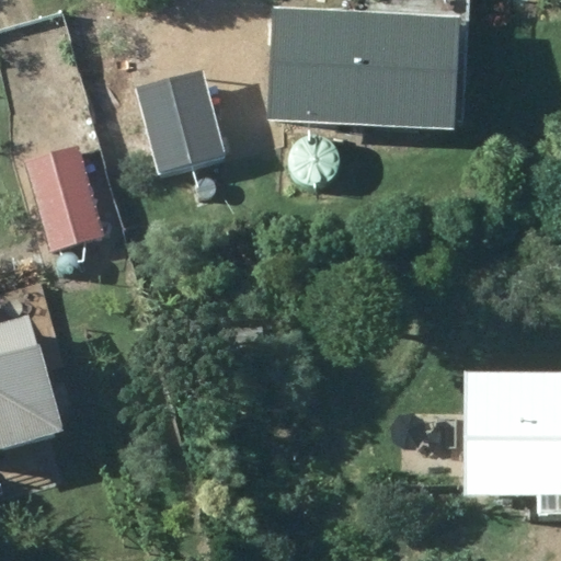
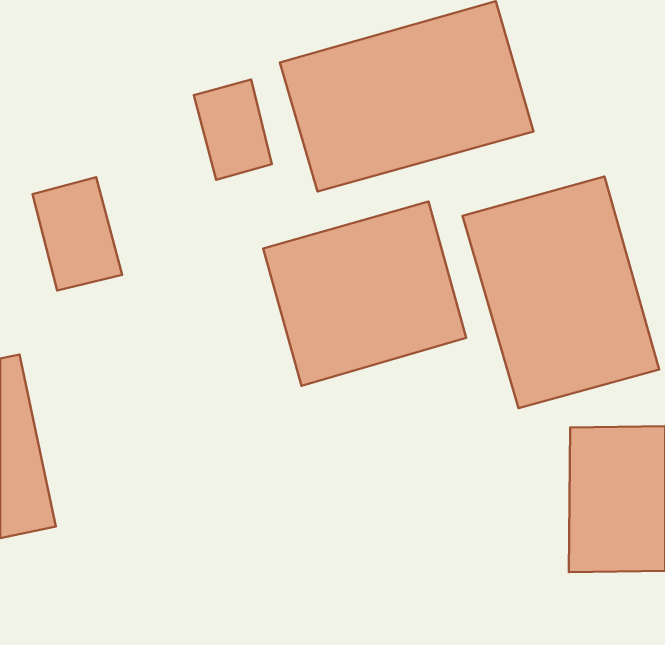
building: none -> [463,176,659,408]
building: none -> [263,201,466,386]

